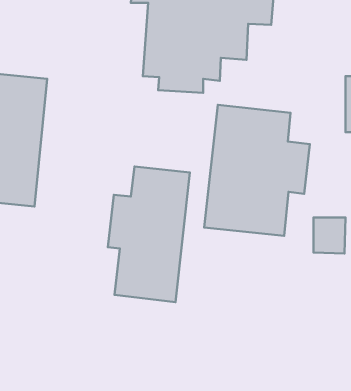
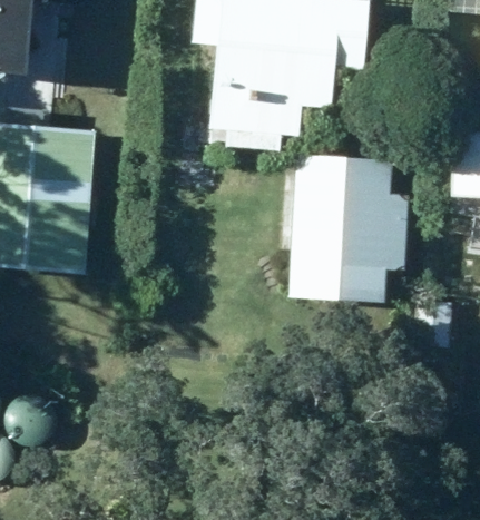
building: [108,166,190,302] -> none

